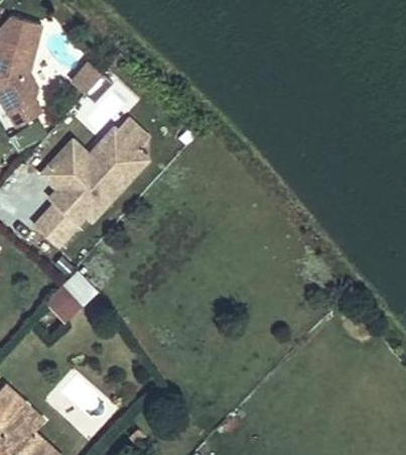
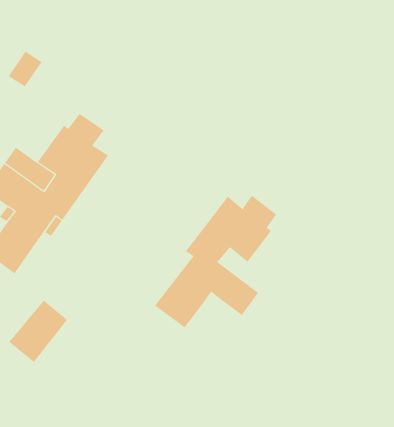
building: none -> [154,195,277,328]

